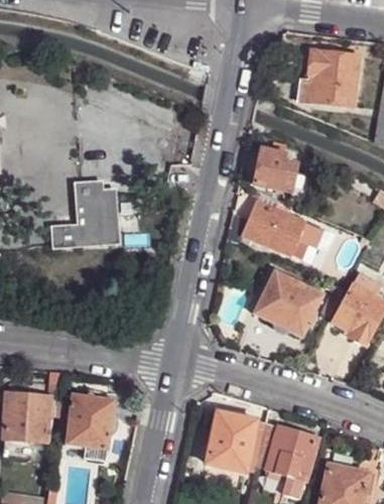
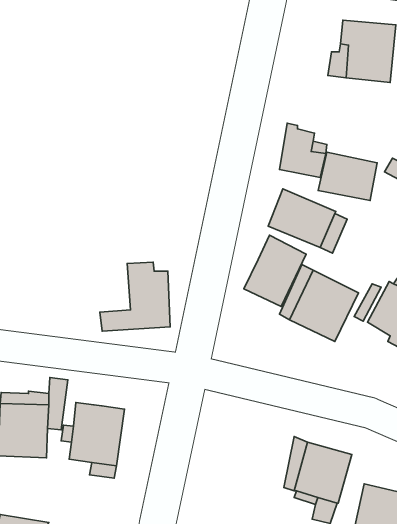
building: none -> [318,152,377,201]
building: [53,182,116,244] -> [100,262,170,331]
building: none -> [244,235,306,307]
building: [208,411,257,472] -> none

